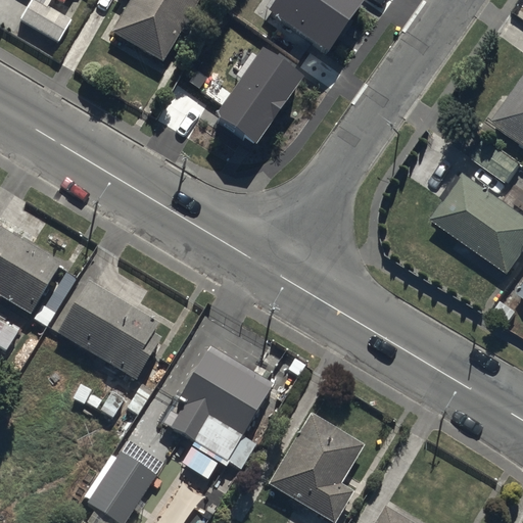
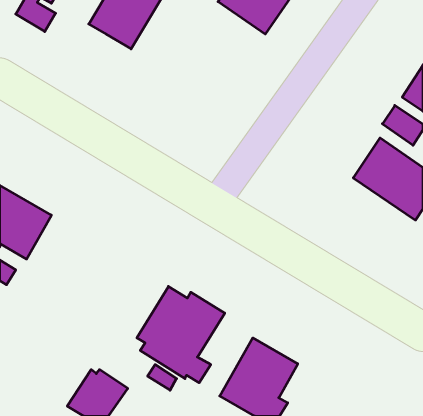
building: [213,40,300,136] -> none
building: [60,284,164,383] -> none

